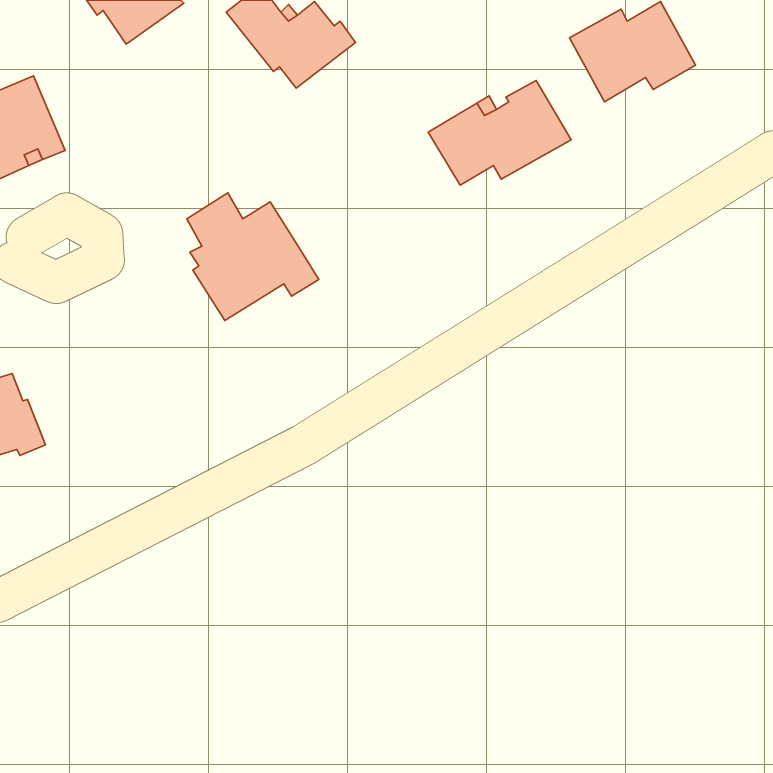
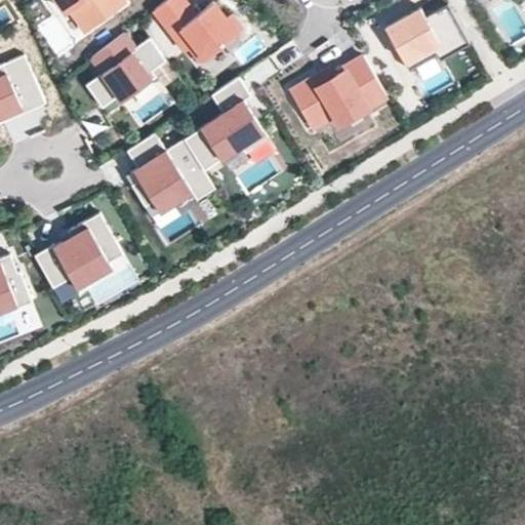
building: none -> [85,33,164,108]
building: none -> [183,77,270,171]
building: none -> [34,213,123,289]

